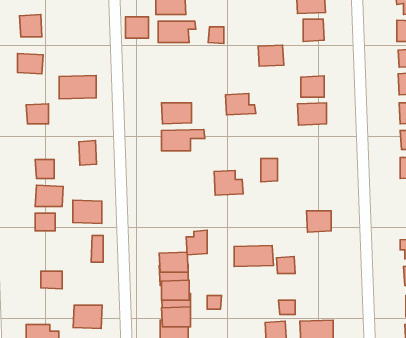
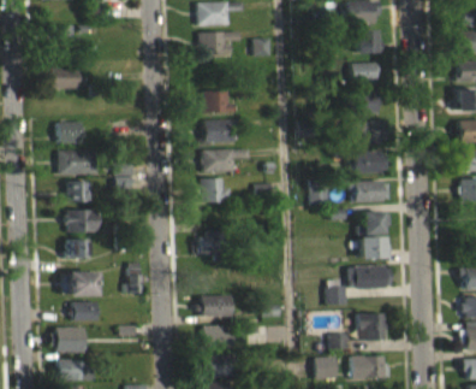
building: [125,17,149,38] -> none
building: [258,45,284,66] -> [352,61,380,84]
building: [59,75,96,99] -> [58,149,97,175]
building: [226,94,256,115] -> [203,89,236,112]
building: none -> [351,151,386,172]
building: none -> [351,179,389,201]
building: [214,170,243,195] -> [200,177,231,204]
building: none -> [363,211,388,234]
building: [73,200,102,224] -> [67,271,99,296]
building: [186,230,207,255] -> [198,229,221,255]
building: [234,245,273,267] -> [350,265,392,288]
building: none -> [358,313,385,340]
building: [73,305,102,328] -> [55,326,87,352]

